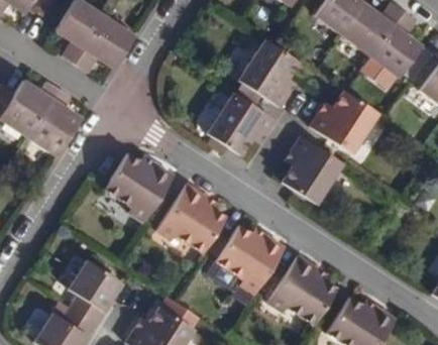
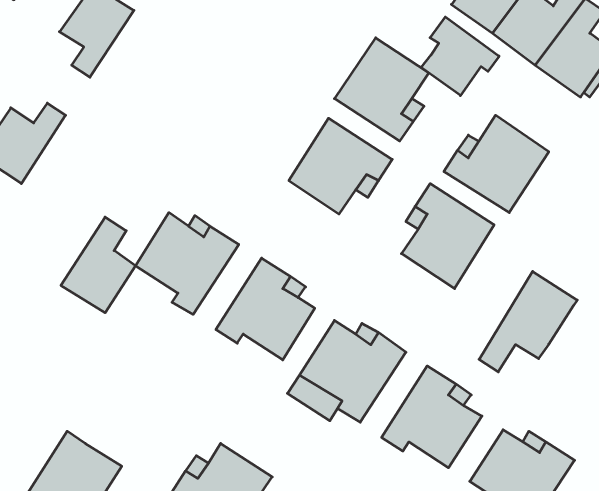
building: [75,19,132,73] -> none
building: none -> [421,17,499,96]
building: [29,89,79,152] -> [61,217,135,313]
building: none -> [479,271,577,372]
building: [68,258,122,322] -> none

